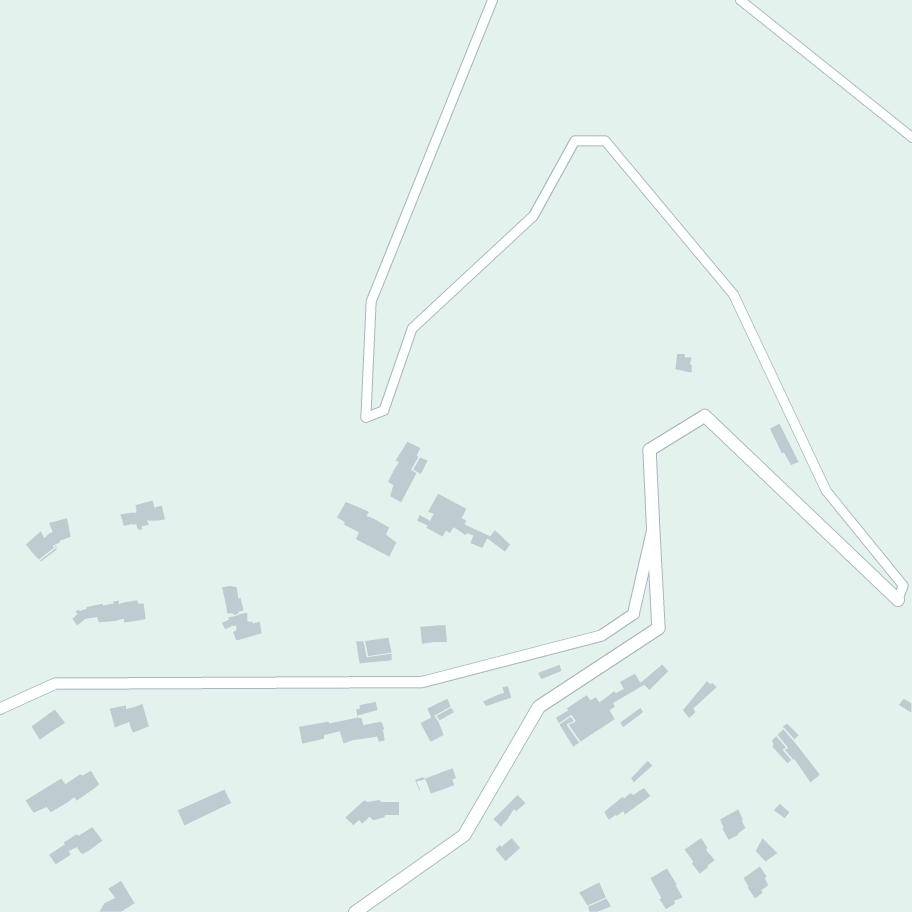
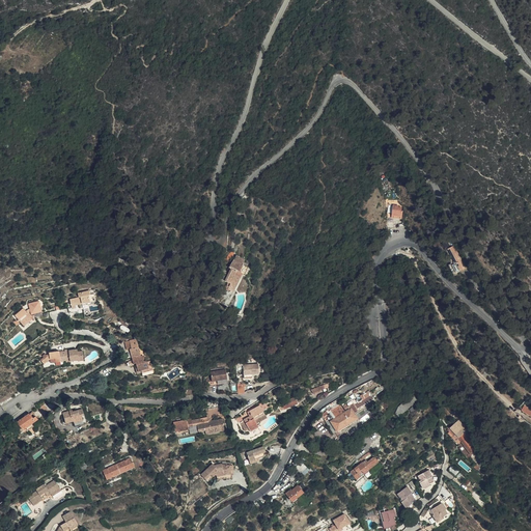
building: [416,493,511,553] -> none
building: [336,501,397,558] -> none
building: [25,770,100,813] -> none

